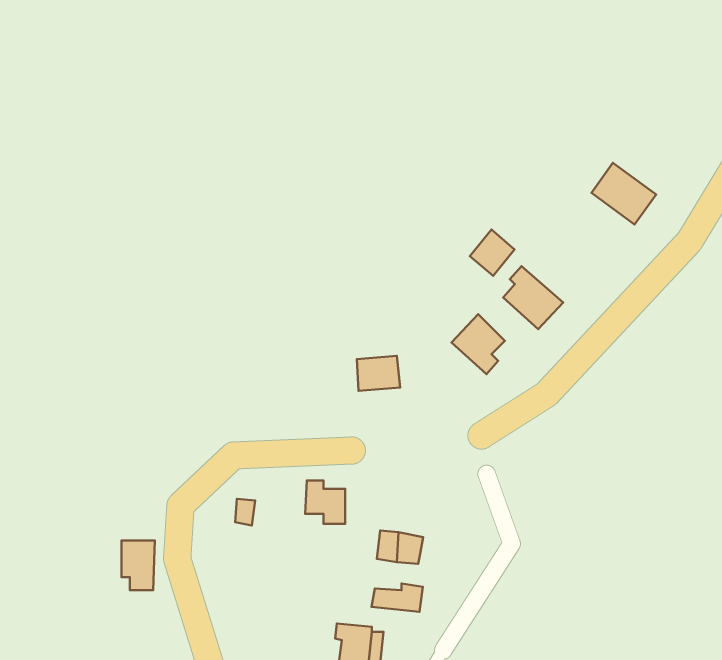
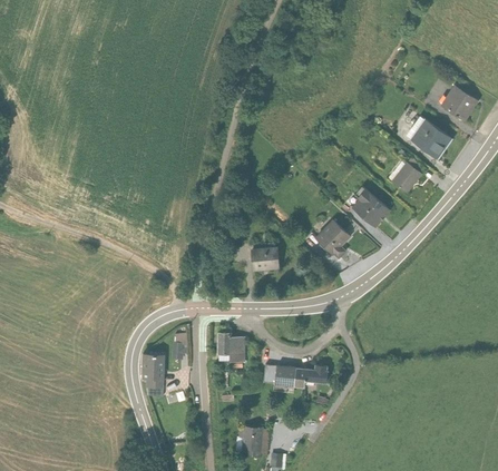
building: none -> [441,86,479,121]
building: [470,229,515,276] -> [392,163,422,194]
building: [122,540,155,590] -> [140,354,163,387]
building: [371,584,423,612] -> [294,365,329,384]

